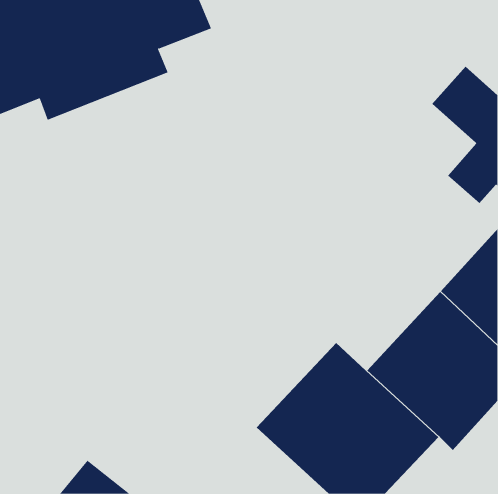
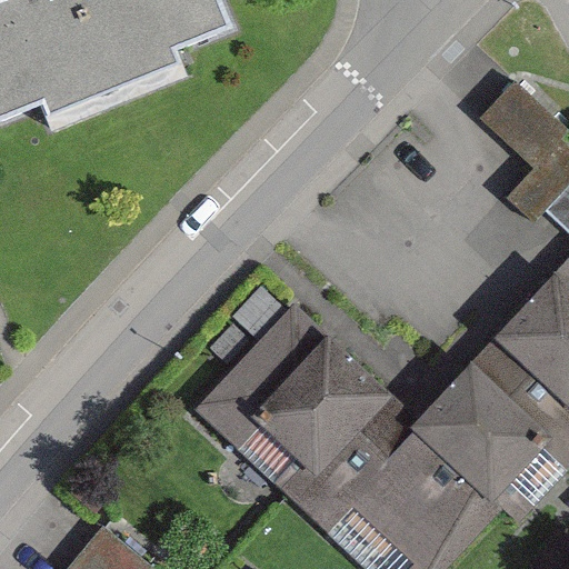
building: none -> [201,305,381,485]

